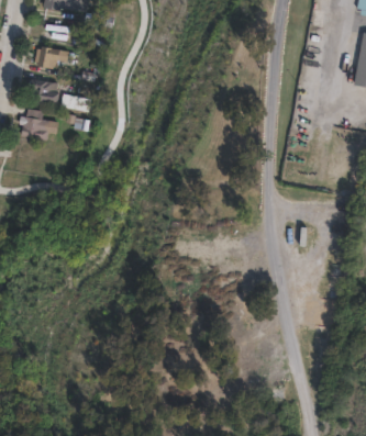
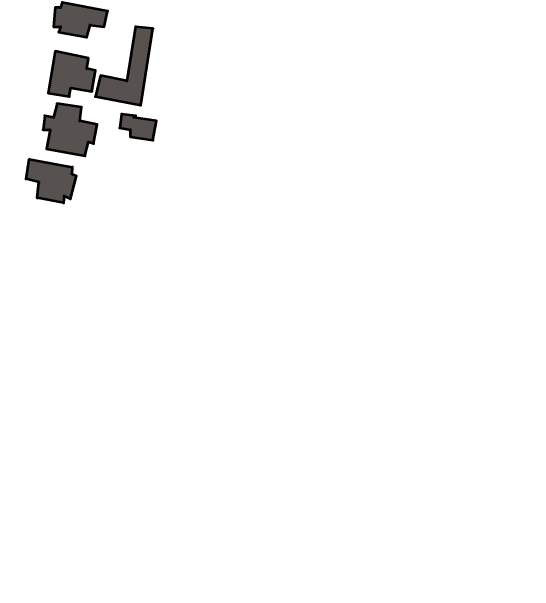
building: none -> [26,159,76,203]

